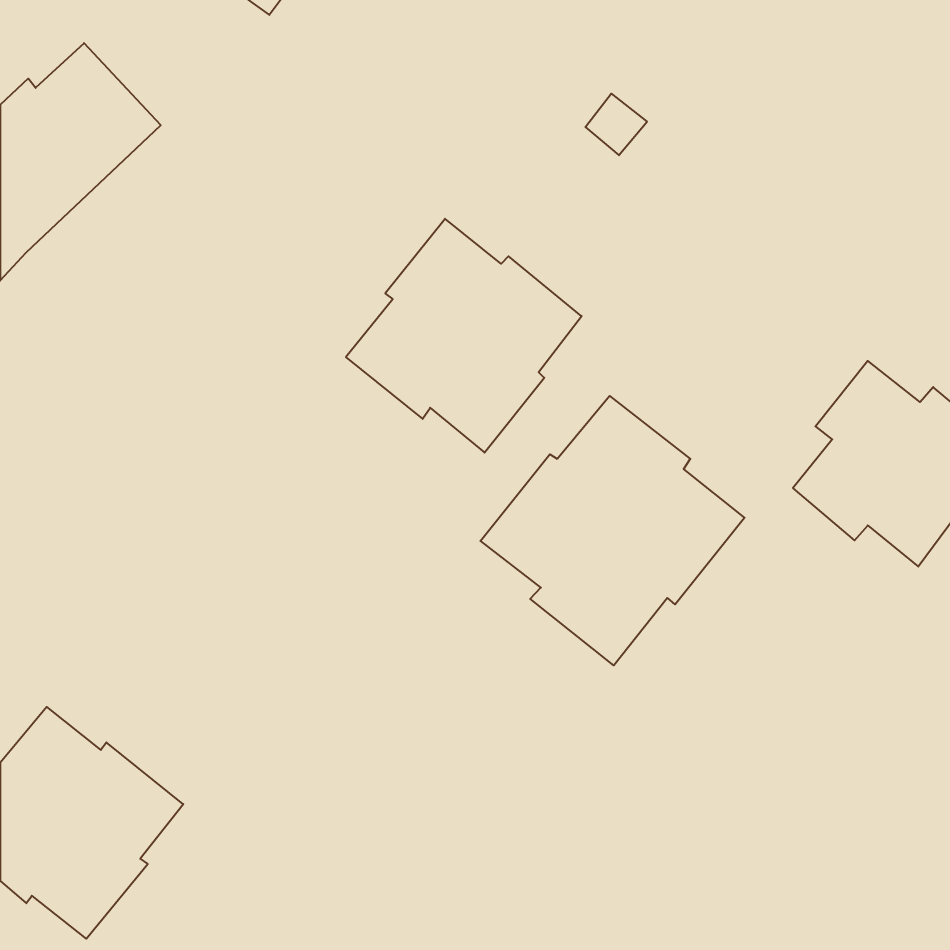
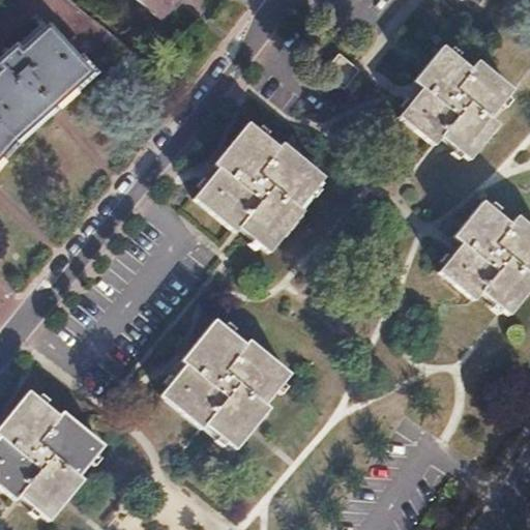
building: none -> [401,40,516,155]
building: [480,396,745,665] -> none
building: none -> [163,318,290,447]

